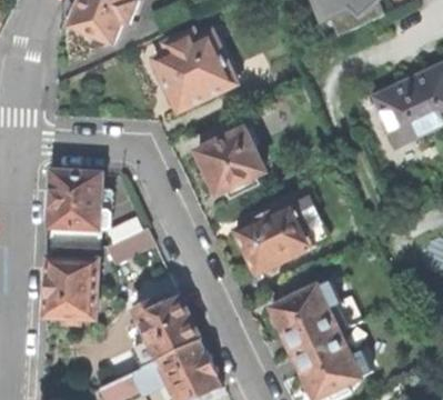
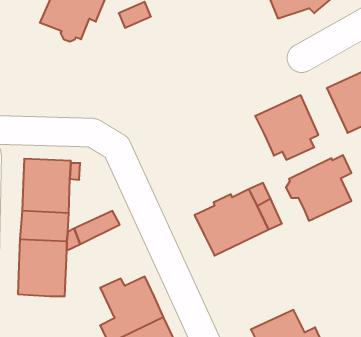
building: [152,29,235,110] -> none
building: [195,128,263,197] -> [255,95,318,160]
building: [269,282,339,352] -> [286,155,351,221]

